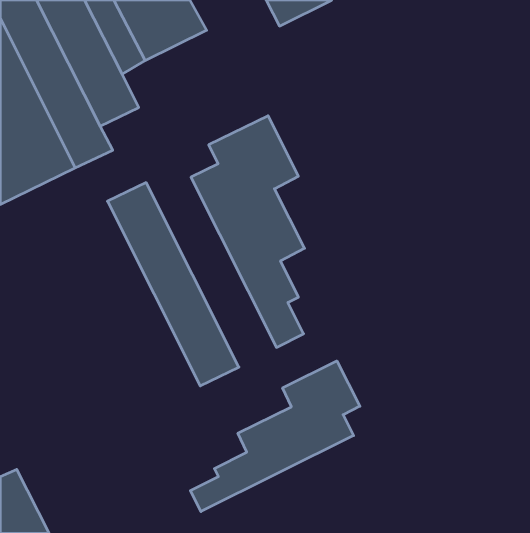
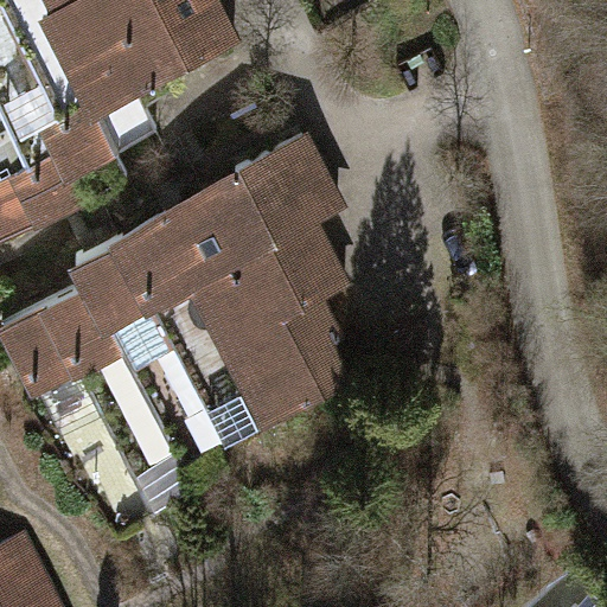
building: none -> [170,186,318,417]
building: none -> [8,229,231,507]
building: [190,361,360,512] -> none

